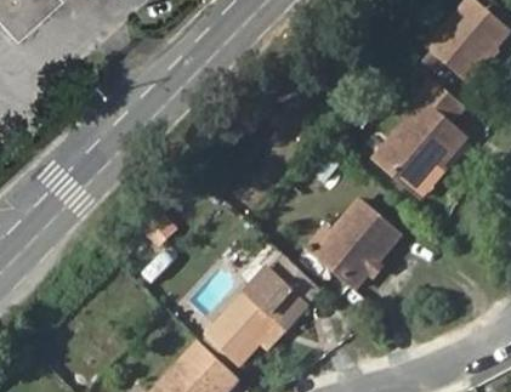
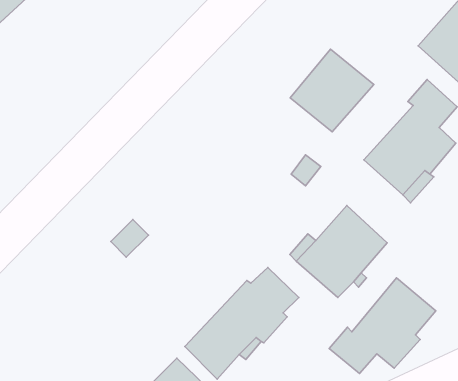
building: none -> [290,49,374,132]
building: none -> [329,278,436,374]

